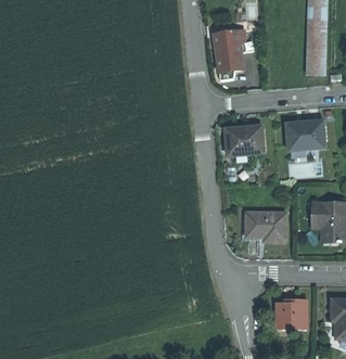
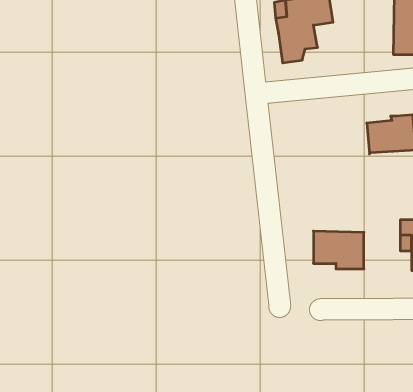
building: [227,126,264,156] -> none
building: [275,297,305,328] -> none

